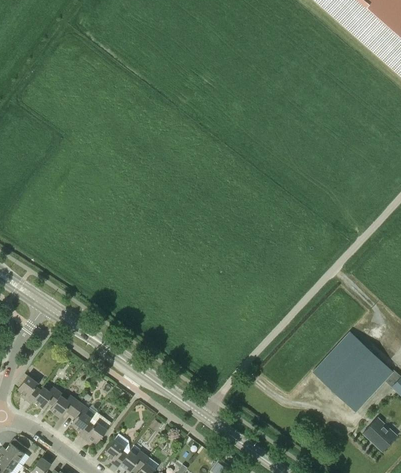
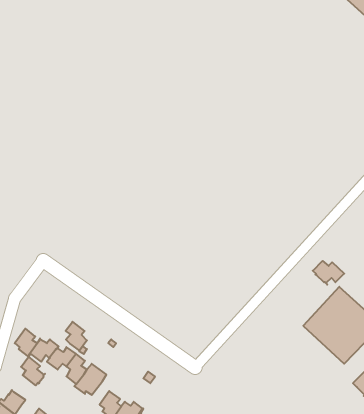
building: none -> [313,261,344,285]
building: none -> [66,322,87,351]
building: none -> [21,357,45,385]

